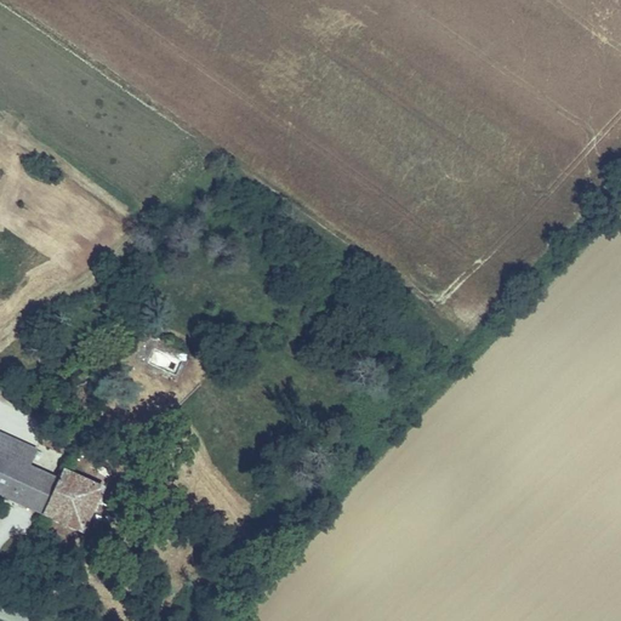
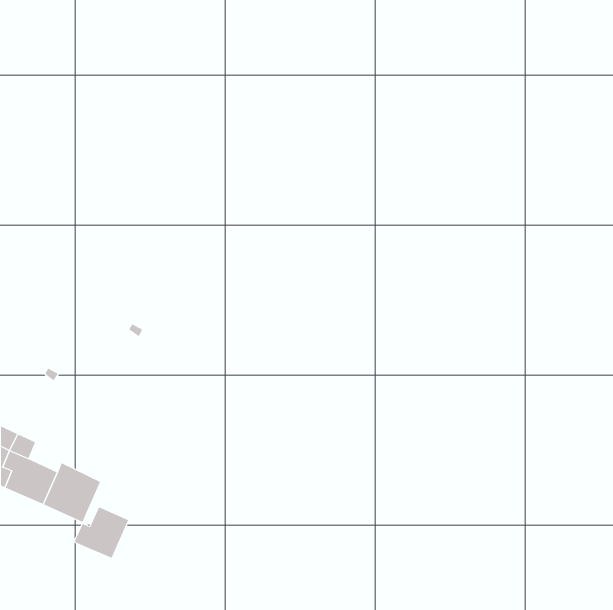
building: none -> [74,507,129,558]

